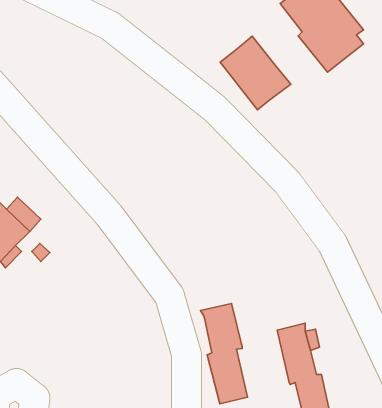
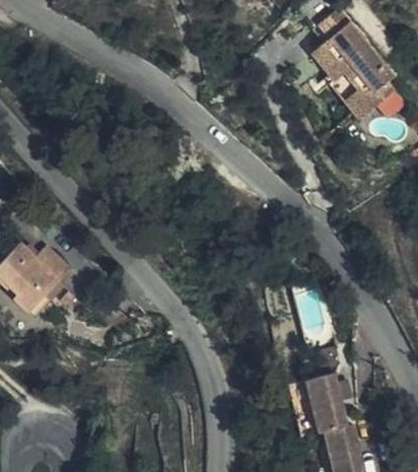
building: [220,36,291,110] -> none
building: [201,303,247,404] -> none

